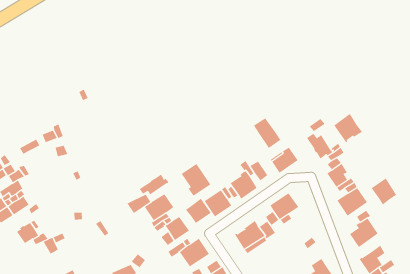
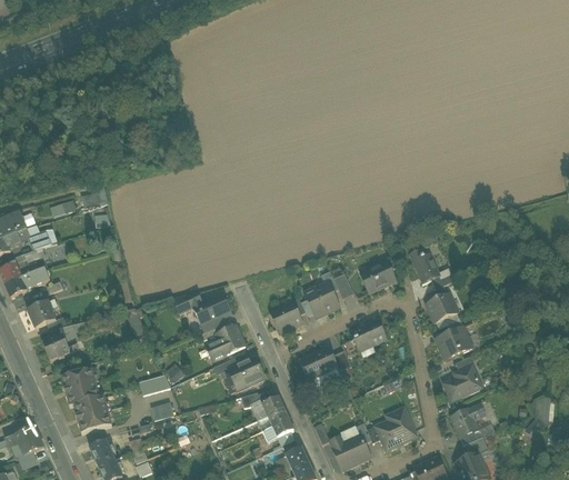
building: [333,113,363,143] -> none
building: [253,117,281,149] -> none
building: [181,163,211,196] -> none
building: [139,174,169,196] -> none
building: [371,178,397,206] -> none
building: [185,198,212,224] -> none
building: none -> [42,334,79,360]

